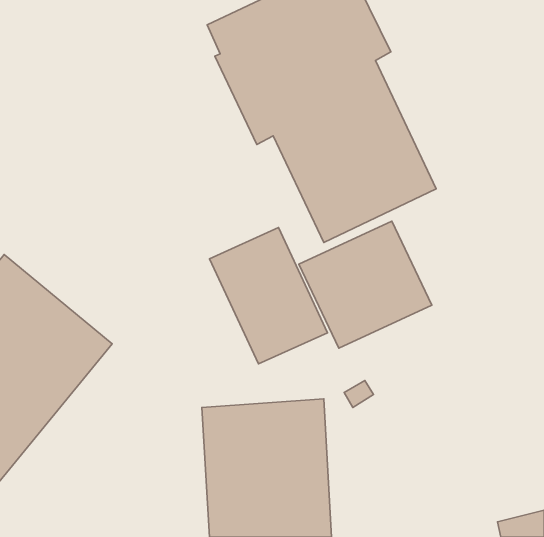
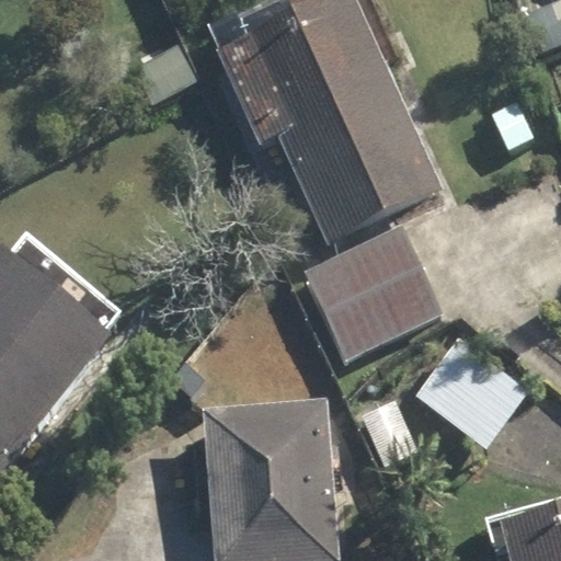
building: [210,228,327,364] -> none
building: none -> [412,334,528,447]

